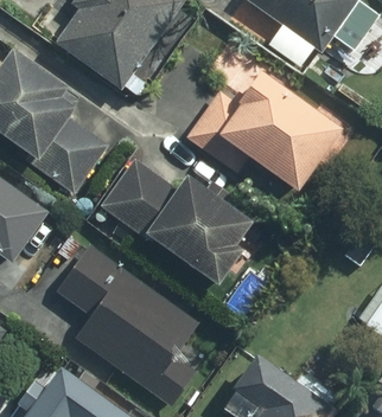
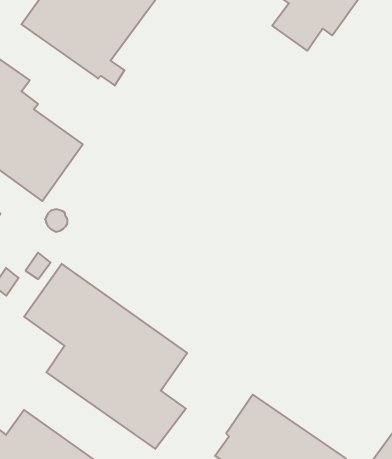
building: [189,73,337,190] -> none
building: [102,158,248,284] -> none

